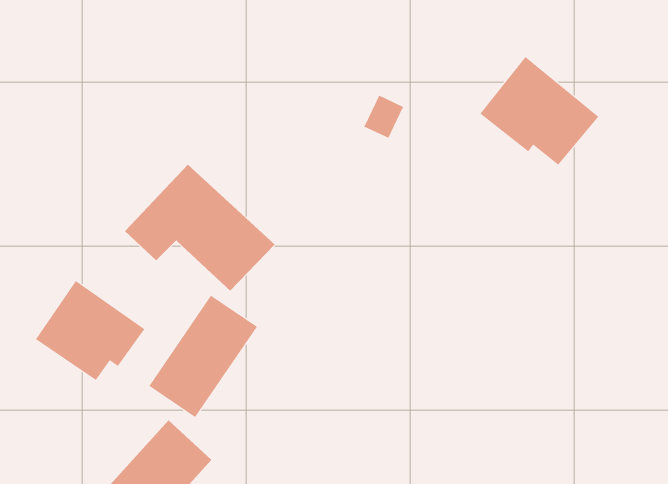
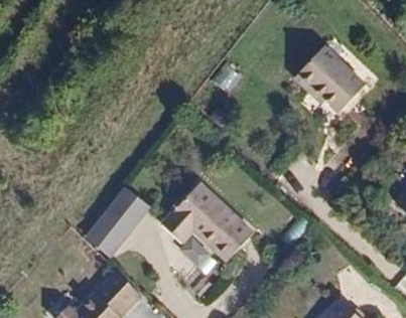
building: [124,164,275,292] -> [162,186,253,263]
building: [35,280,145,381] -> none

